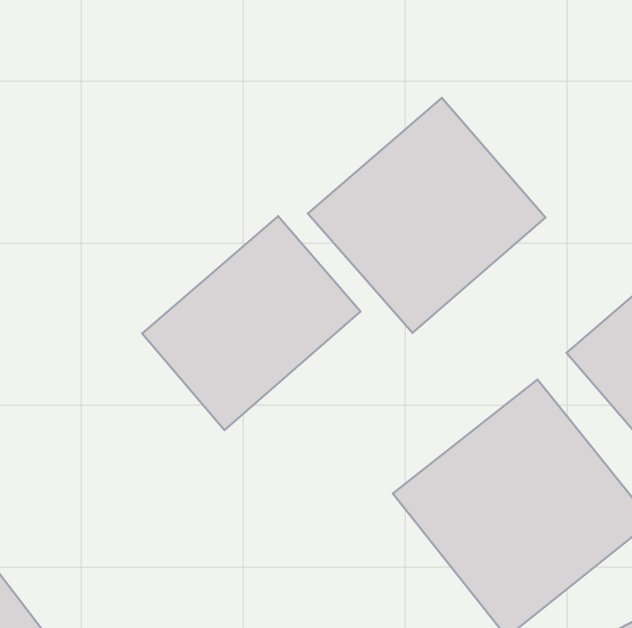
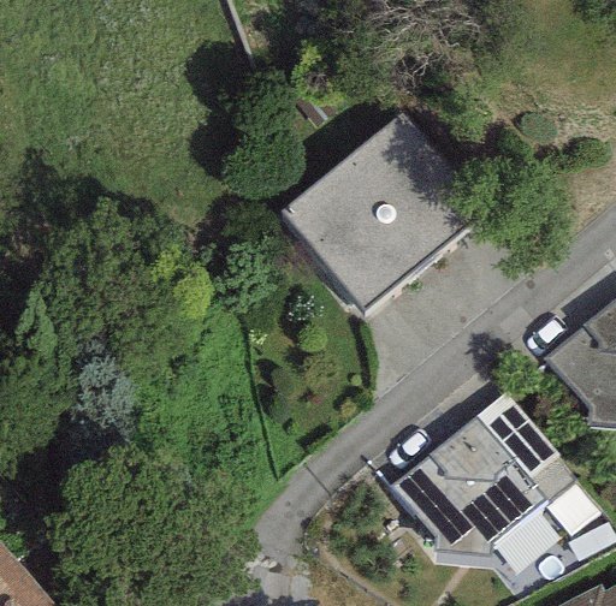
building: [142,216,361,430] -> none

